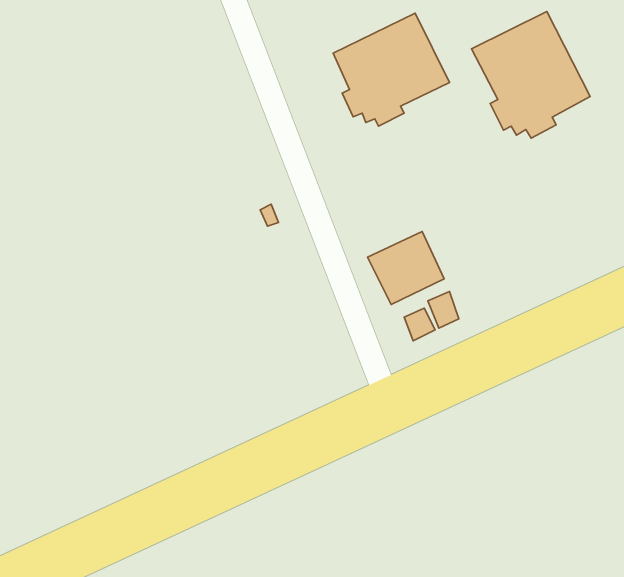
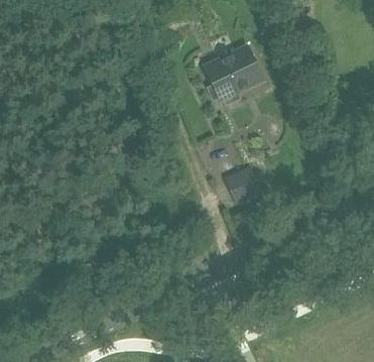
building: [472,11,590,138] -> none

